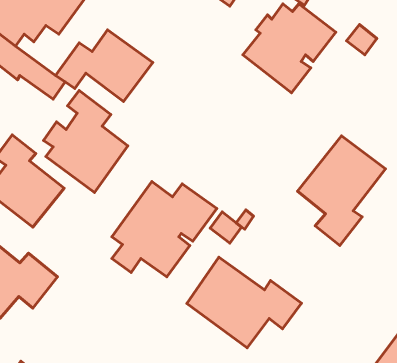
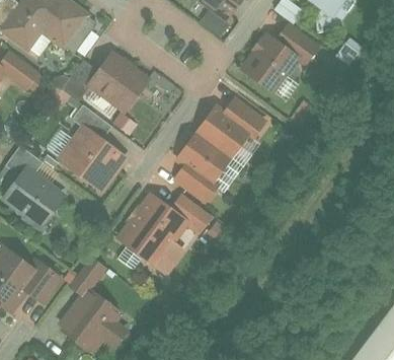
building: none -> [171,94,267,202]
building: [298,136,386,246] -> none
building: none -> [55,257,129,353]
building: [187,257,302,348] -> none

